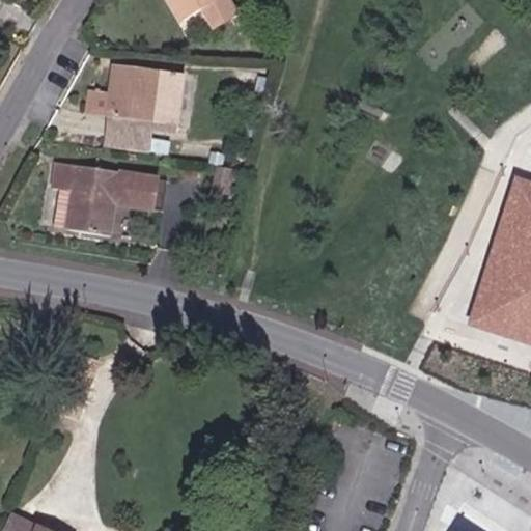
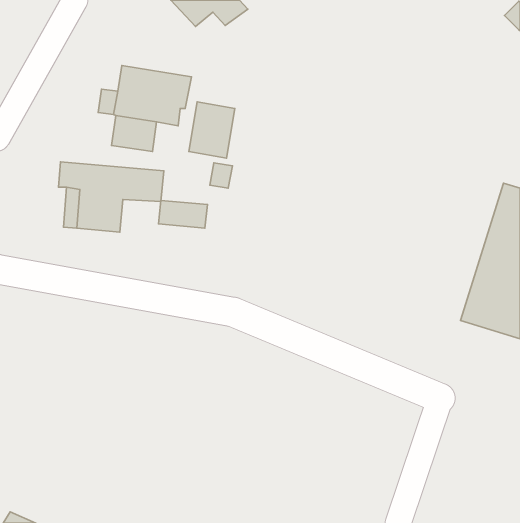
building: none -> [189,102,235,158]
building: none -> [158,200,207,228]

